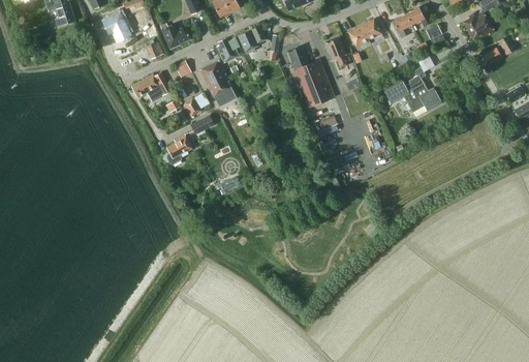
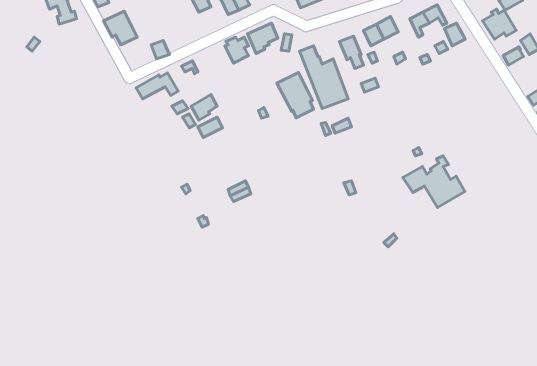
building: [160,23,190,48] -> none
building: [199,59,235,102] -> [277,72,314,118]
building: [382,67,441,117] -> [403,156,465,208]
building: [166,133,192,163] -> none

